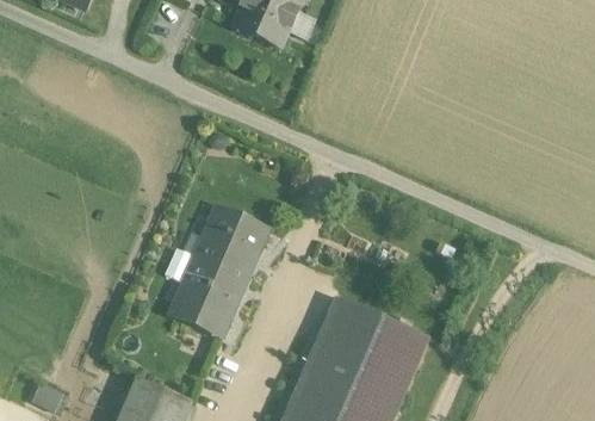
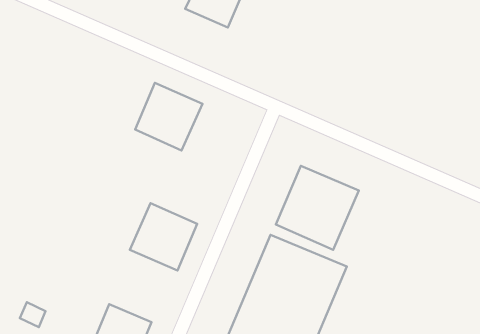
building: [190,202,271,283] -> [135,83,202,150]
building: none -> [276,166,359,250]

